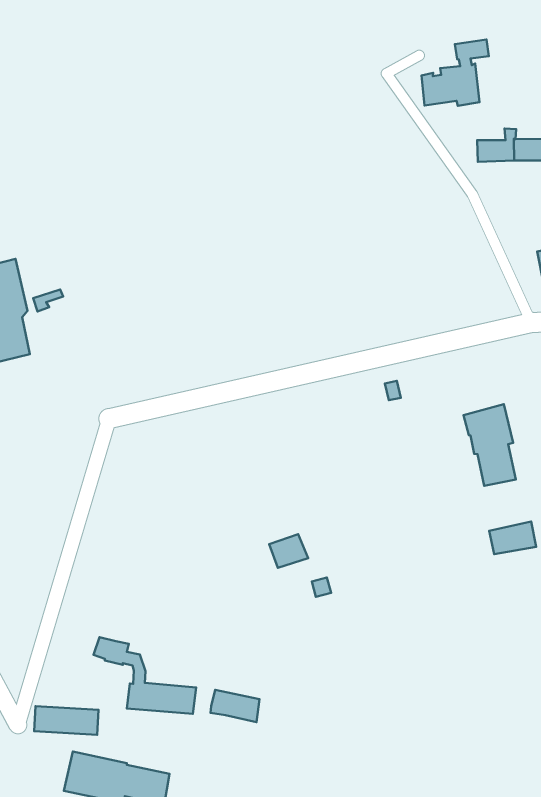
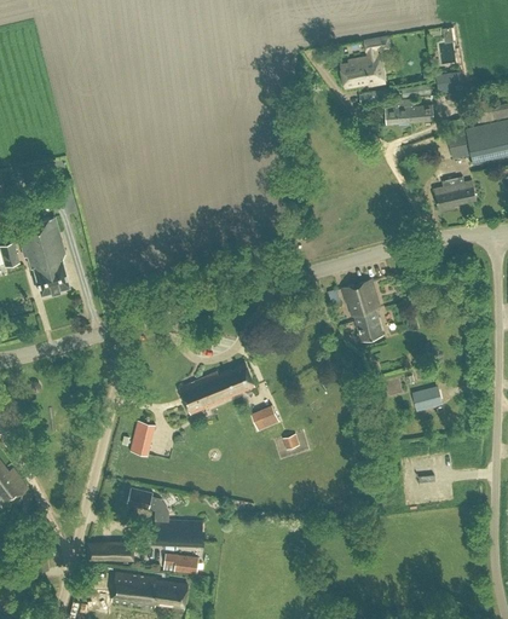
building: [463,404,516,486] -> [342,279,383,340]
building: none -> [180,366,255,413]
building: none -> [129,420,156,456]
building: [211,690,260,722] -> [163,553,198,574]

